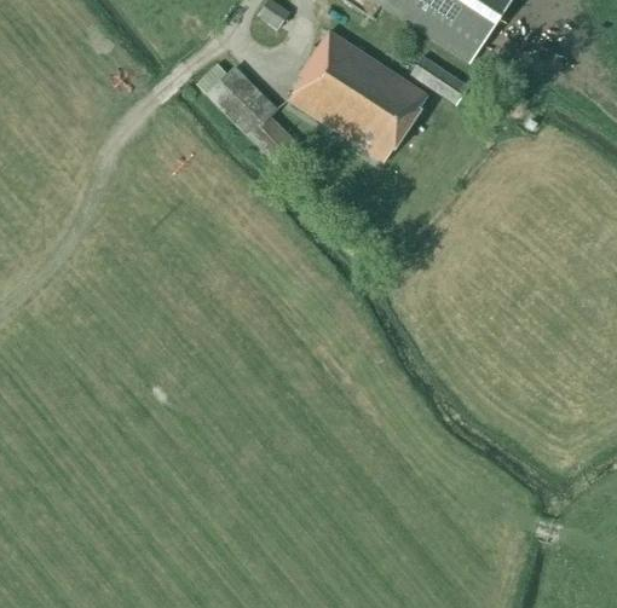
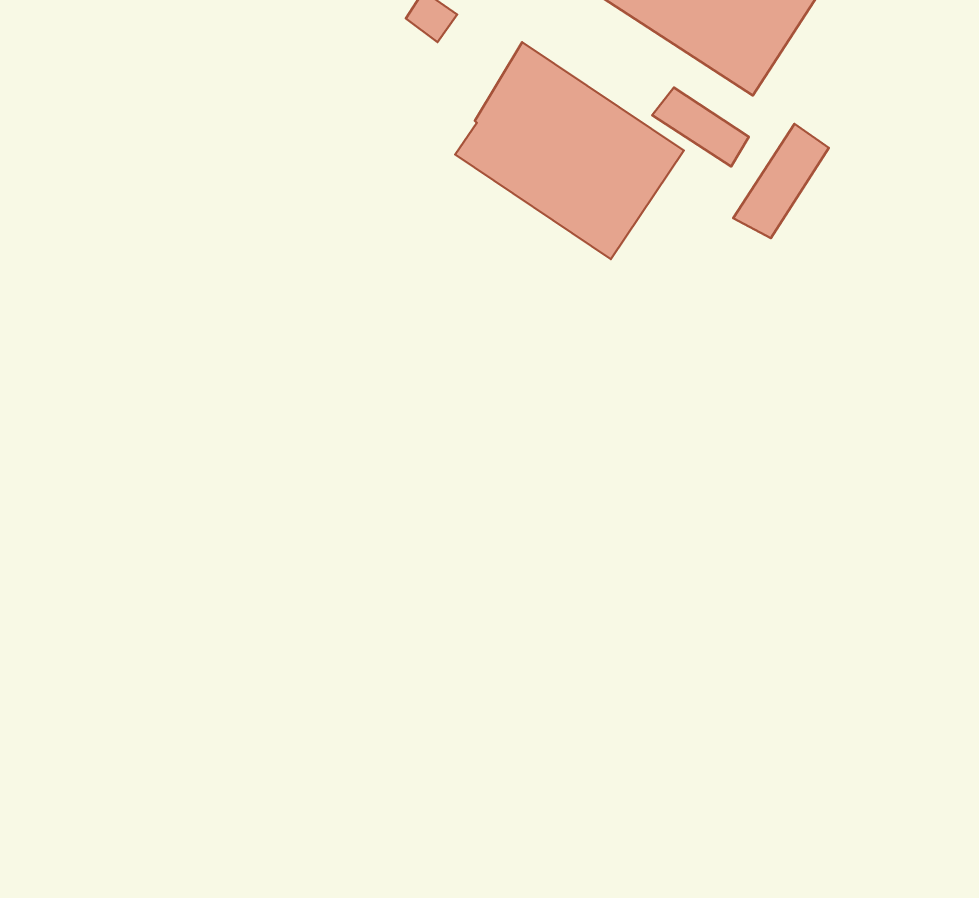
building: [196,63,298,166] -> none
building: none -> [733,124,829,238]

